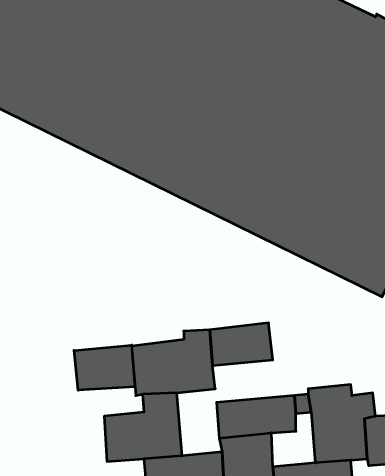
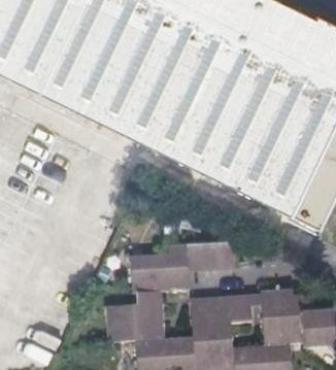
building: [74,345,135,390] -> none

